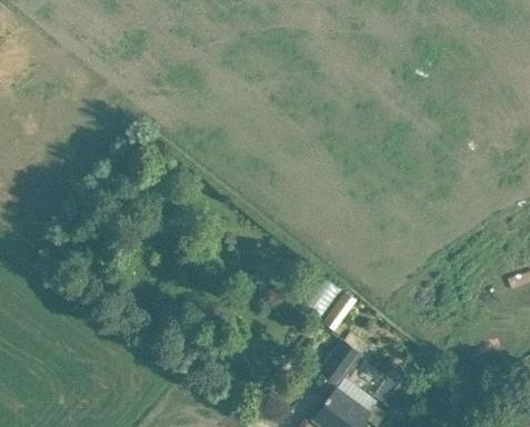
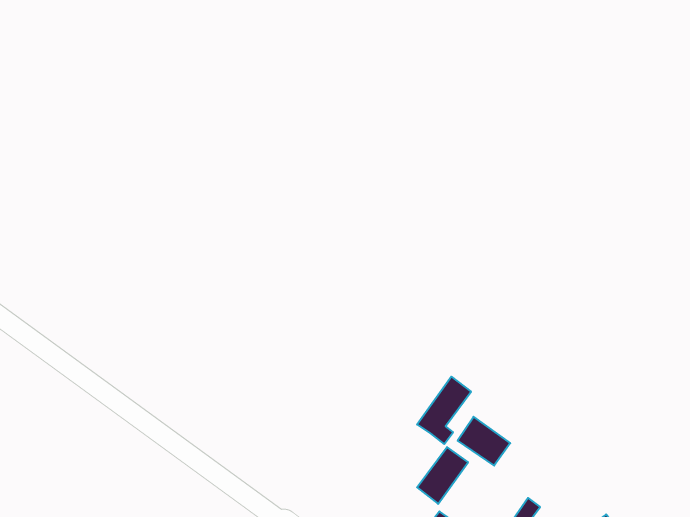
building: none -> [458,417,510,466]

